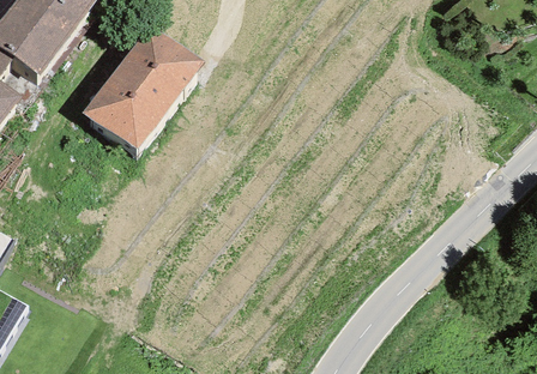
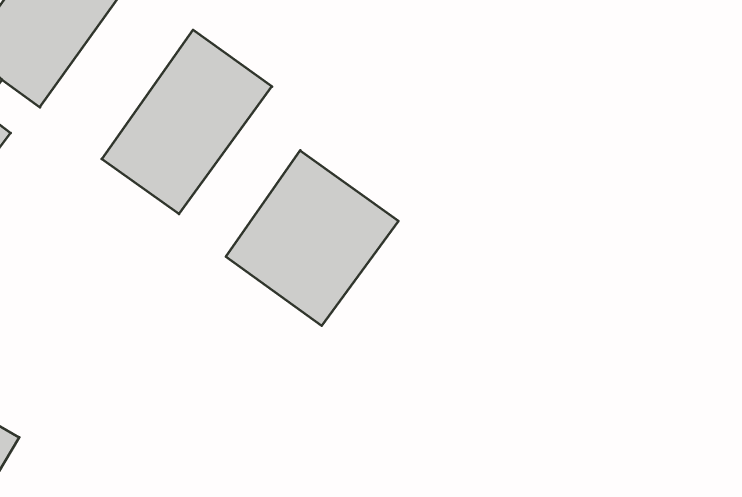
building: none -> [226,150,398,326]

